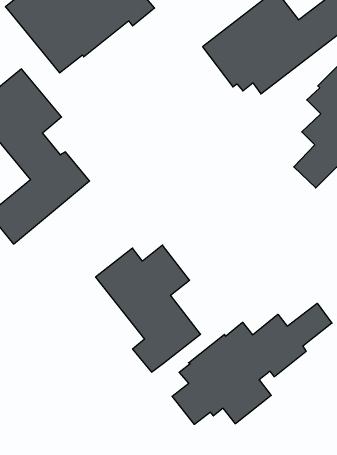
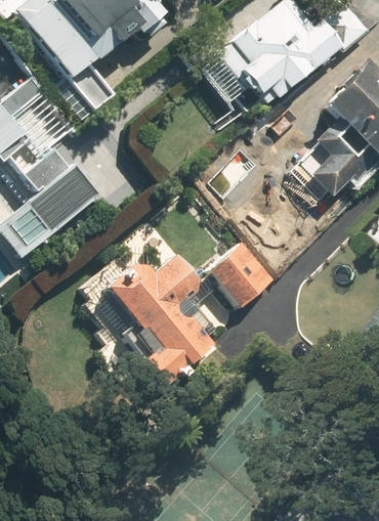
building: none -> [207,243,273,309]
building: [172,303,332,424] -> none

